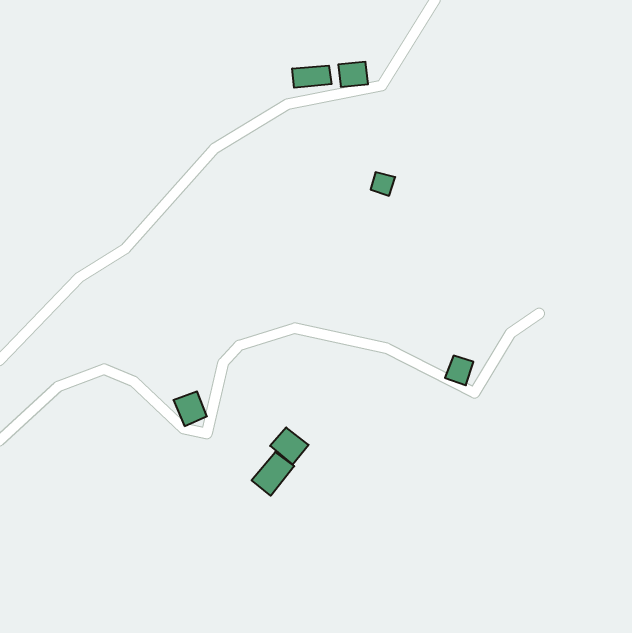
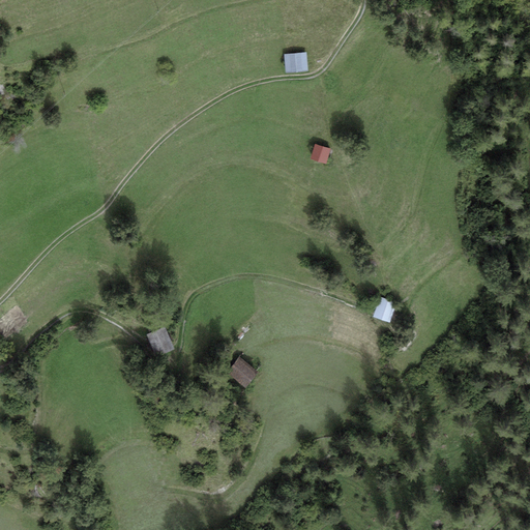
building: [292,66,332,88] -> none
building: [252,452,294,496] -> none

